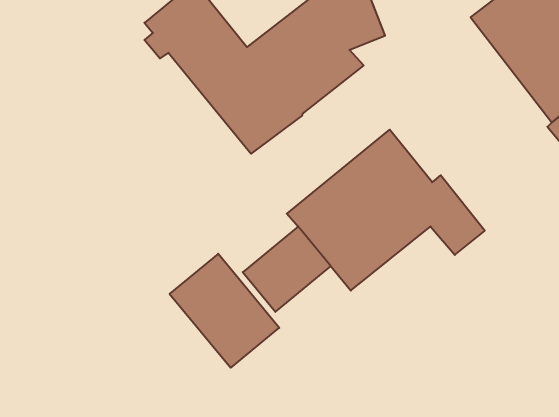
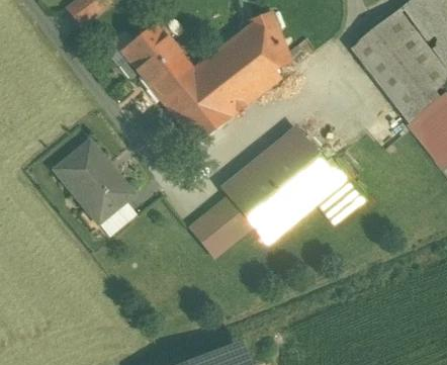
building: [170,254,279,368] -> [55,141,132,221]

